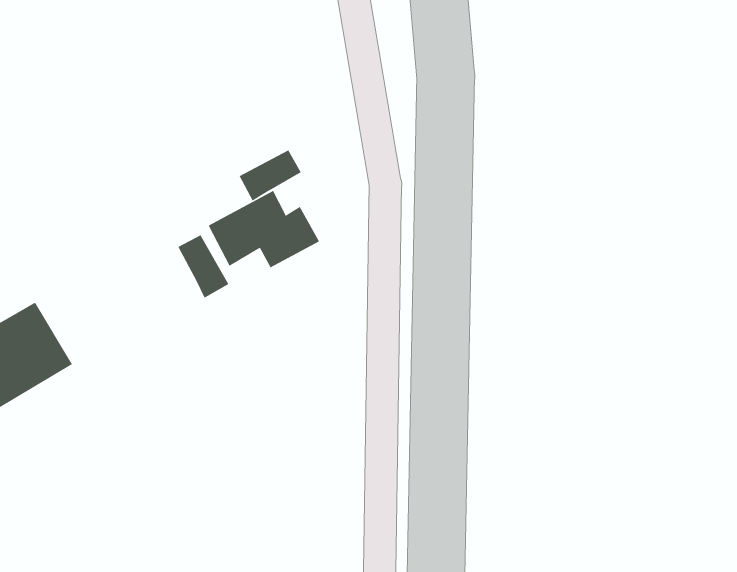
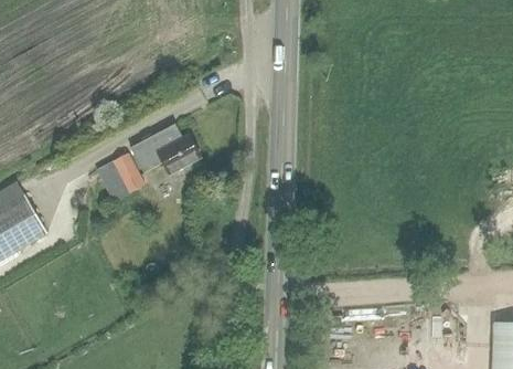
building: [239,149,301,201] -> none
building: none -> [96,160,128,201]

